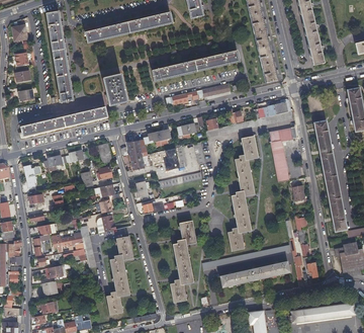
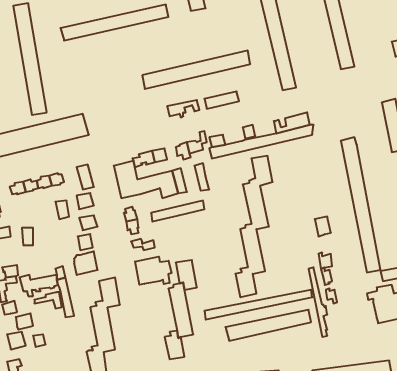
building: [102,73,127,105] -> none
building: [268,127,297,182] -> none
building: none -> [135,257,172,285]

